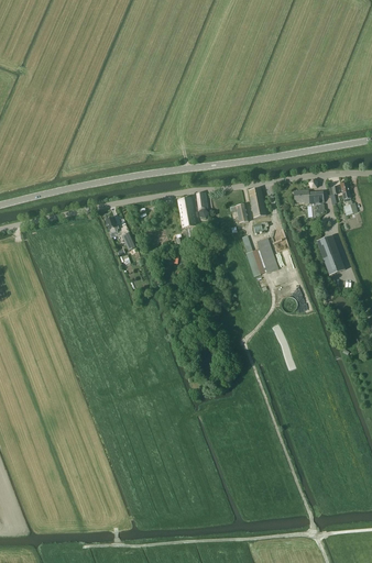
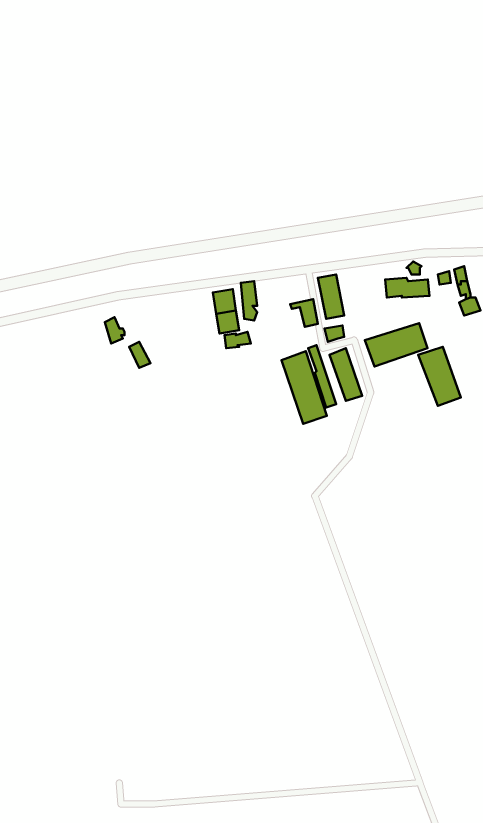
building: none -> [365,323,428,366]
building: none -> [281,351,327,424]

